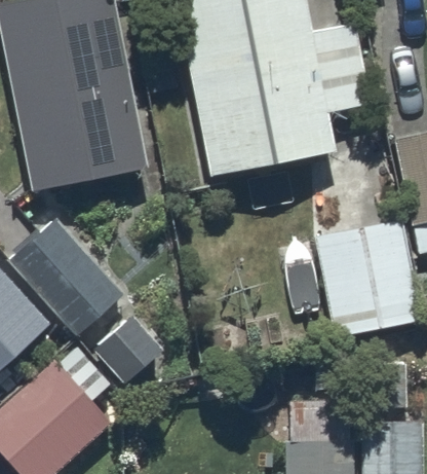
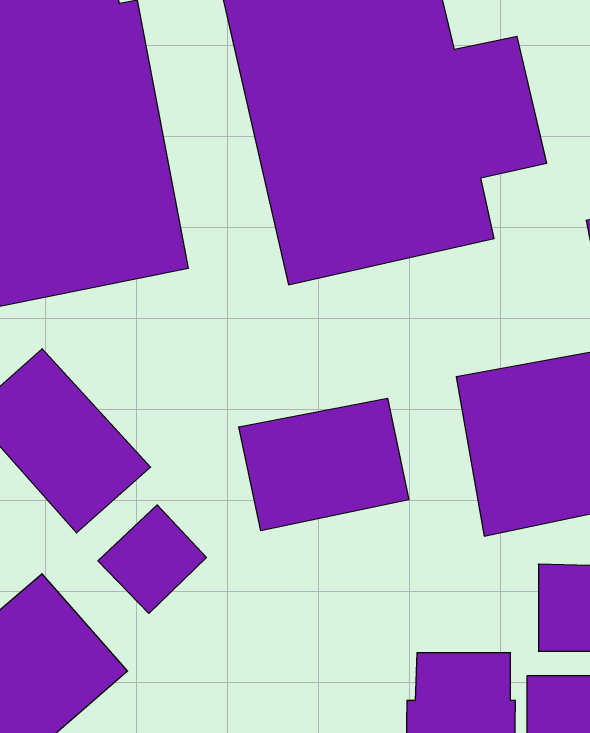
building: none -> [239,398,409,531]

